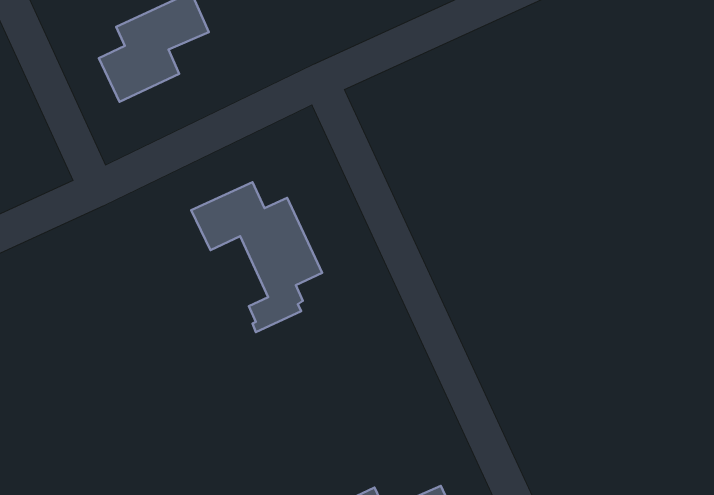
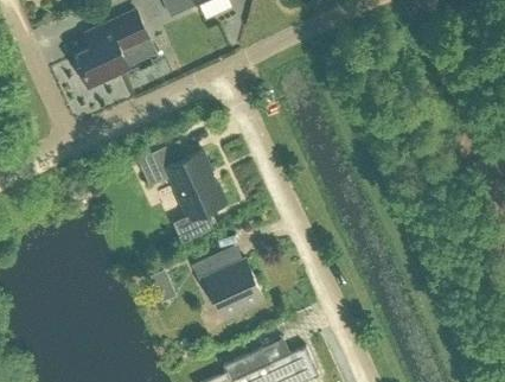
building: none -> [193,257,264,320]

